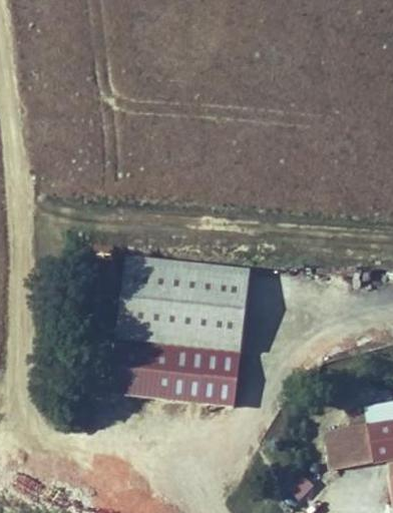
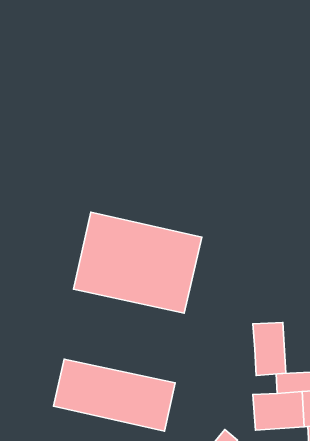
building: [112,340,241,406] -> [54,359,175,431]
building: none -> [253,323,286,375]

